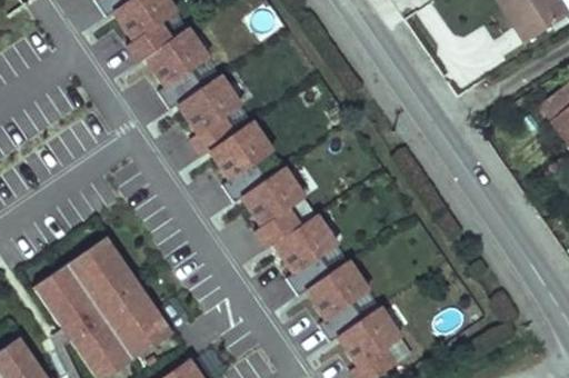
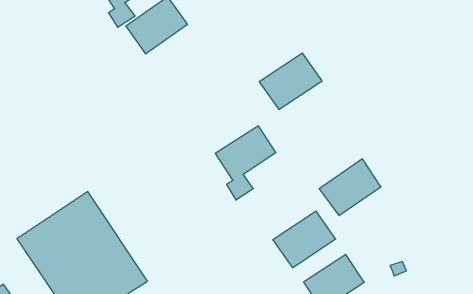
building: [179,74,246,136] -> none
building: [209,121,277,182] -> [259,53,322,110]
building: [274,216,341,277] -> [319,159,381,215]

